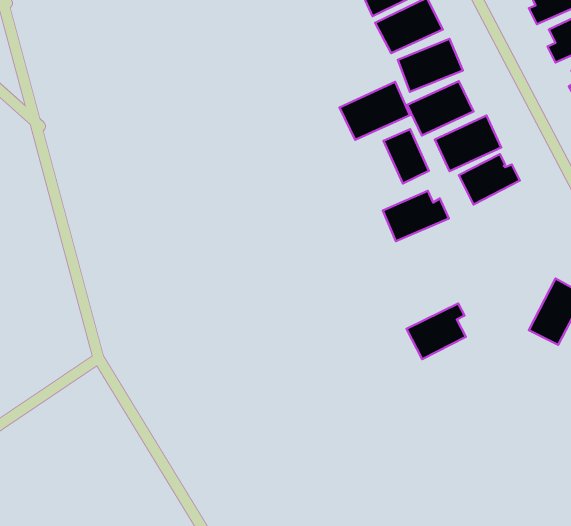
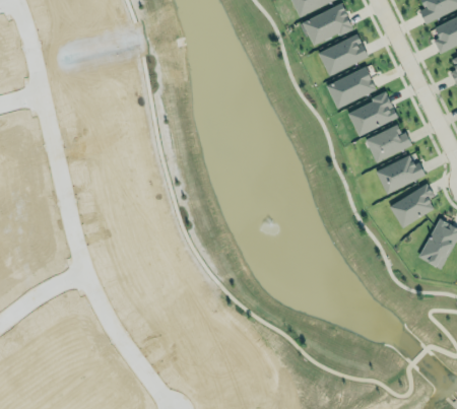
building: [340,82,410,140] -> none
building: [383,129,429,183] -> none
building: [383,191,449,241] -> [376,155,427,194]
building: [406,304,466,359] -> [389,185,435,227]

